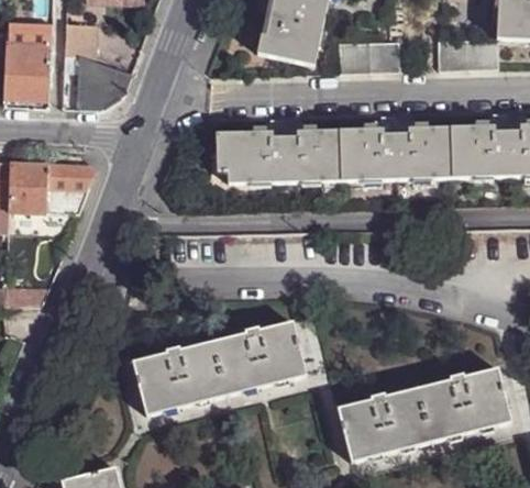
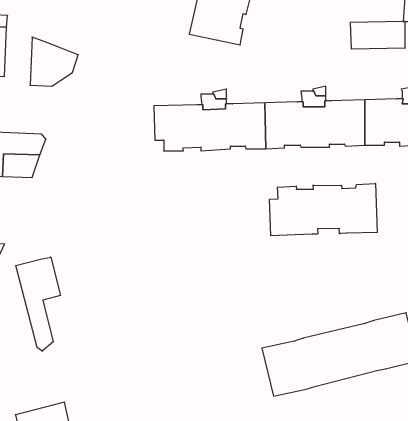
building: [67,24,97,62] -> none
building: [339,41,399,74] -> none
building: none -> [270,183,377,236]
building: none -> [16,257,60,351]
building: [134,319,307,412] -> none

